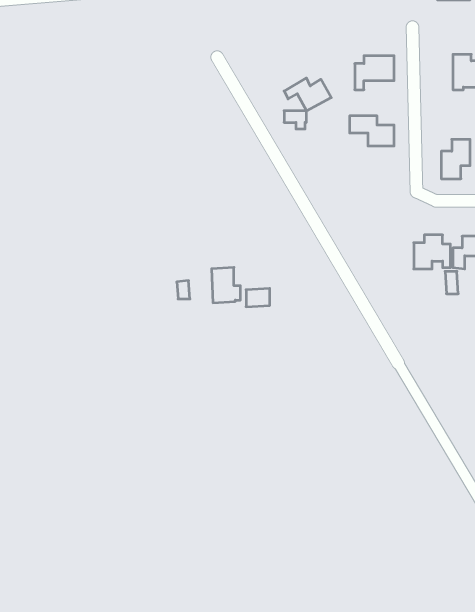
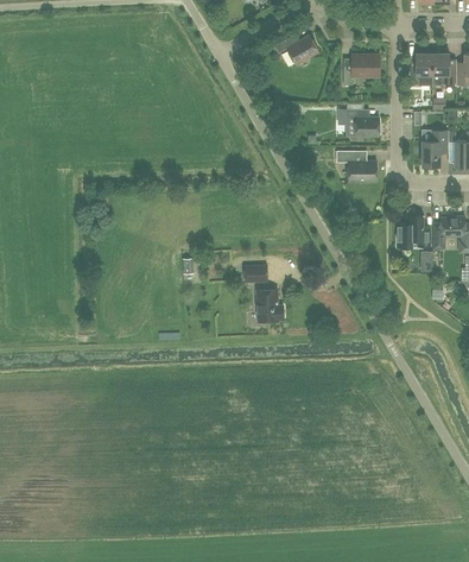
building: none -> [408,53,432,86]
building: [284,78,331,111] -> [274,34,317,64]
building: none -> [336,151,376,182]
building: [212,267,240,303] -> [256,290,283,322]

